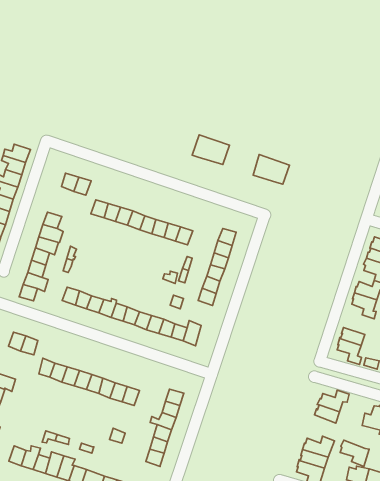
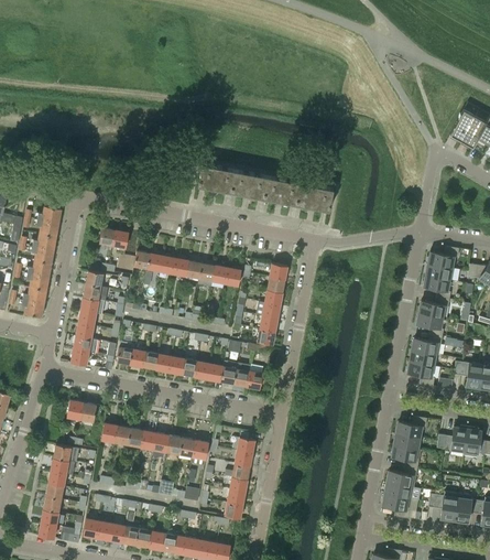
building: none -> [198,163,235,192]
building: none -> [263,176,300,204]
building: none -> [411,334,442,355]
building: [340,440,369,466] -> [391,444,421,469]

